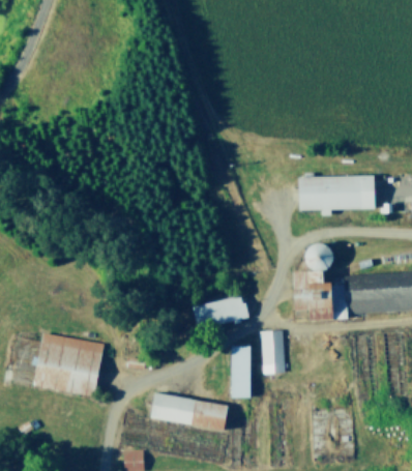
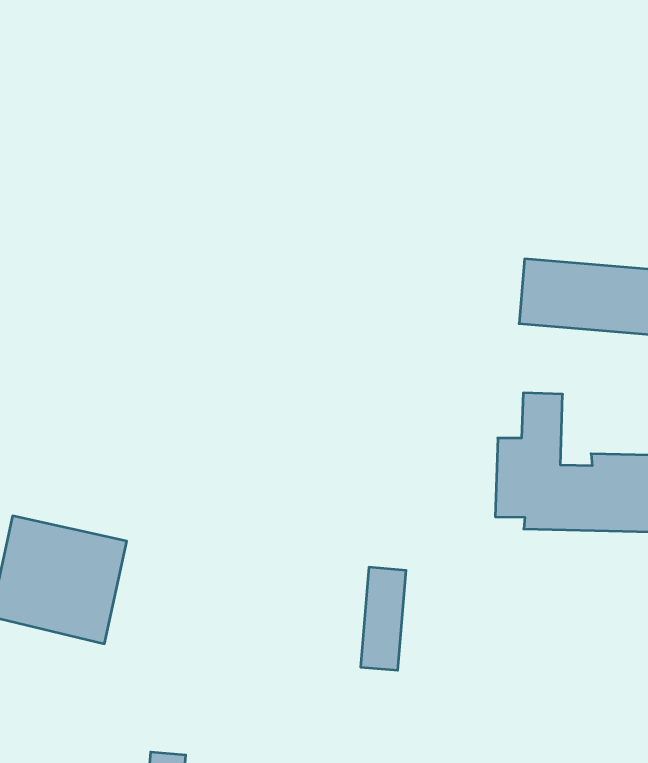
building: [194,295,248,328] -> none
building: [261,330,284,373] -> none
building: [151,392,229,431] -> none

